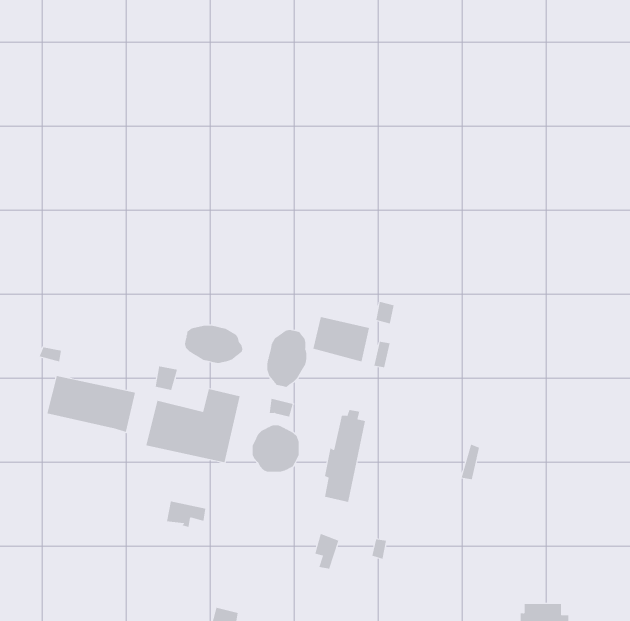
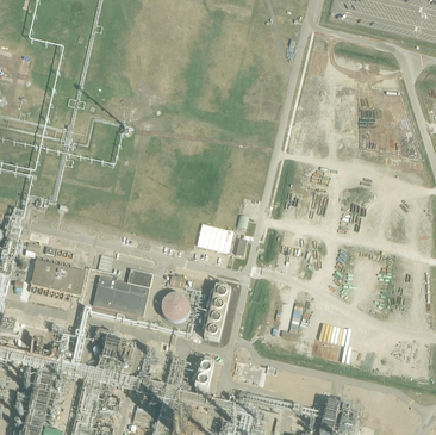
building: [184,325,243,364] -> none
building: [267,329,307,388] -> none

